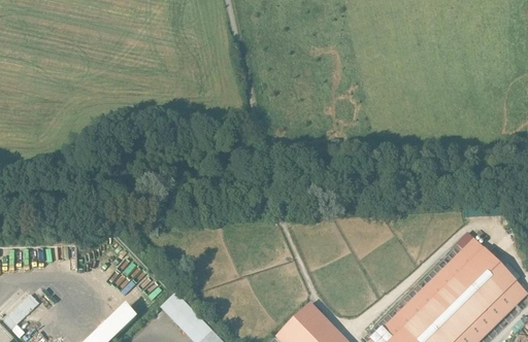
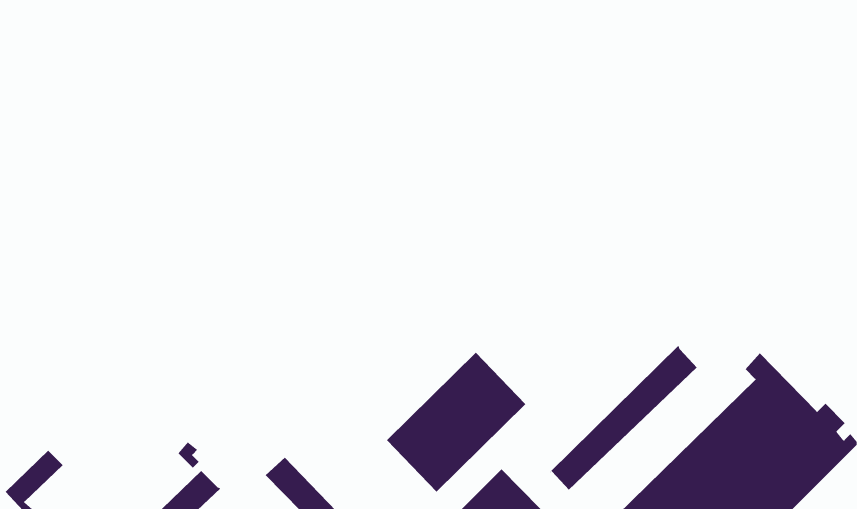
building: none -> [550,345,697,491]
building: none -> [386,352,526,492]

